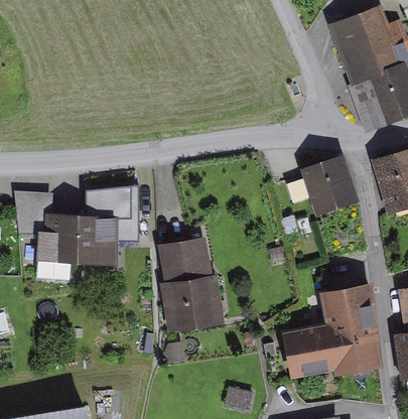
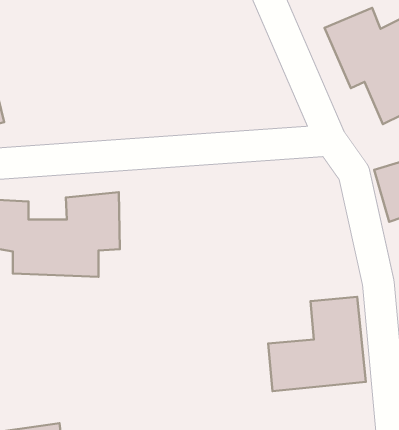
building: [302,158,357,214] -> none
building: [156,239,218,331] -> none

